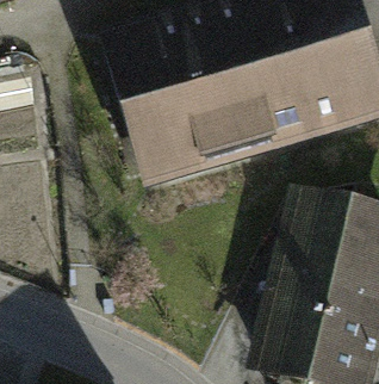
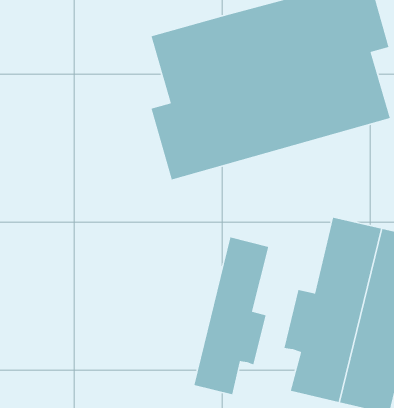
building: none -> [194,236,269,395]

